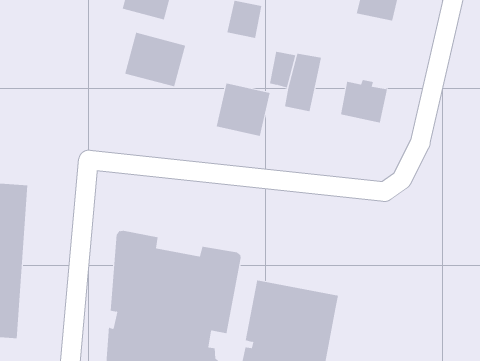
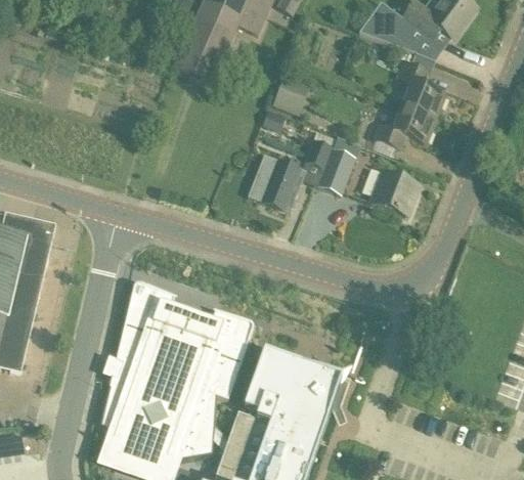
building: none -> [362,106,434,150]
building: [125,32,186,87] -> none

